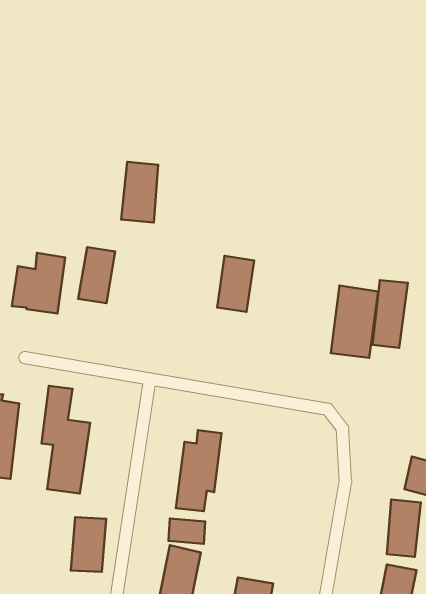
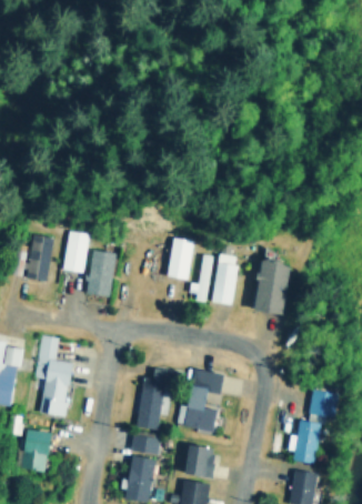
building: [121,162,158,222] -> [88,251,115,296]
building: none -> [190,255,214,300]
building: [373,280,408,348] -> [214,254,241,305]
building: none -> [178,369,224,432]
building: [71,517,106,572] -> [23,430,50,471]
building: none -> [183,444,217,478]

